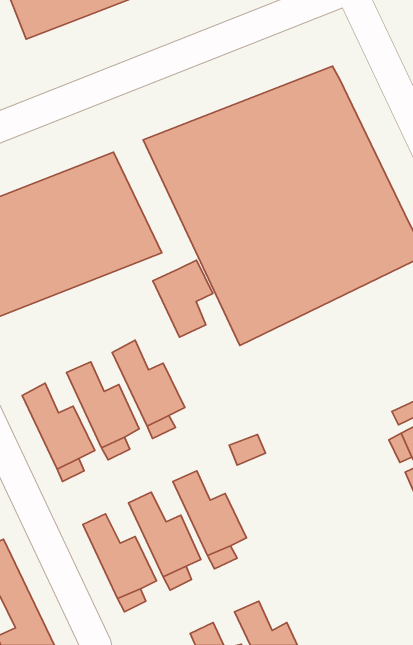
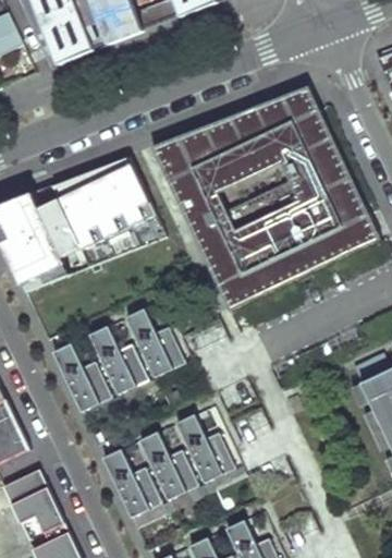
building: [153,260,213,337] -> none

